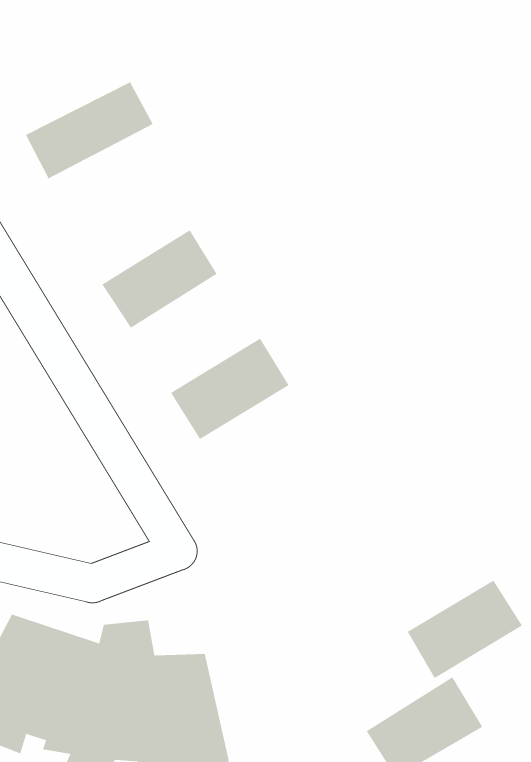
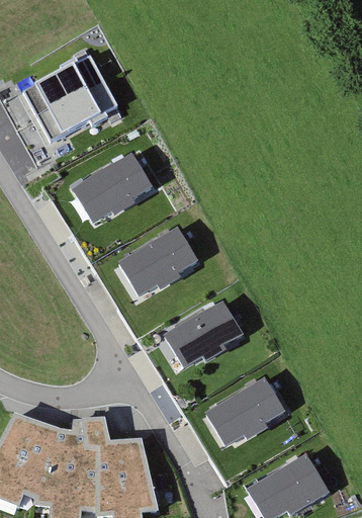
building: none -> [38,87,120,148]
building: none -> [166,303,243,368]
building: [407,580,523,679] -> [207,378,284,444]

